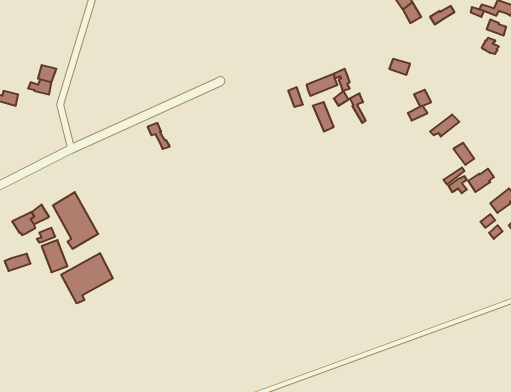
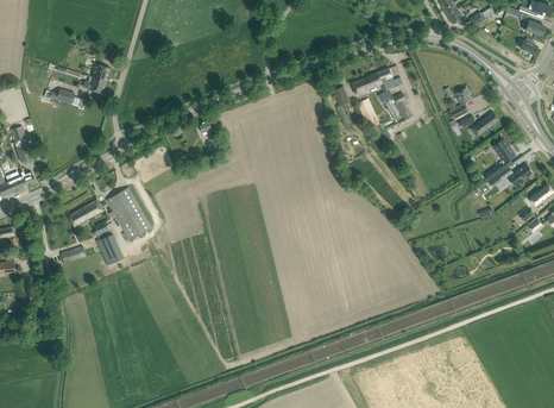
building: [61,253,113,303] -> none

